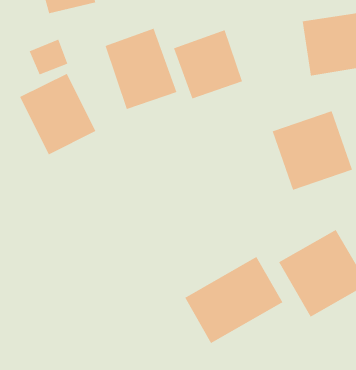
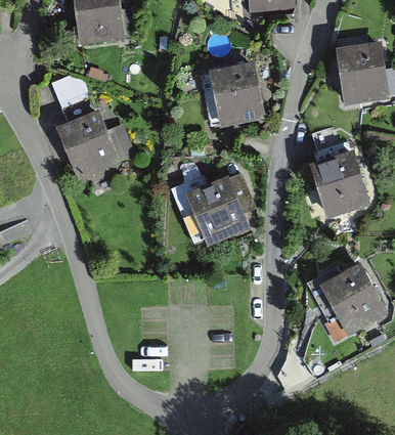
building: [105,28,177,110] -> none
building: none -> [178,177,251,254]
building: [184,256,283,344] -> none

